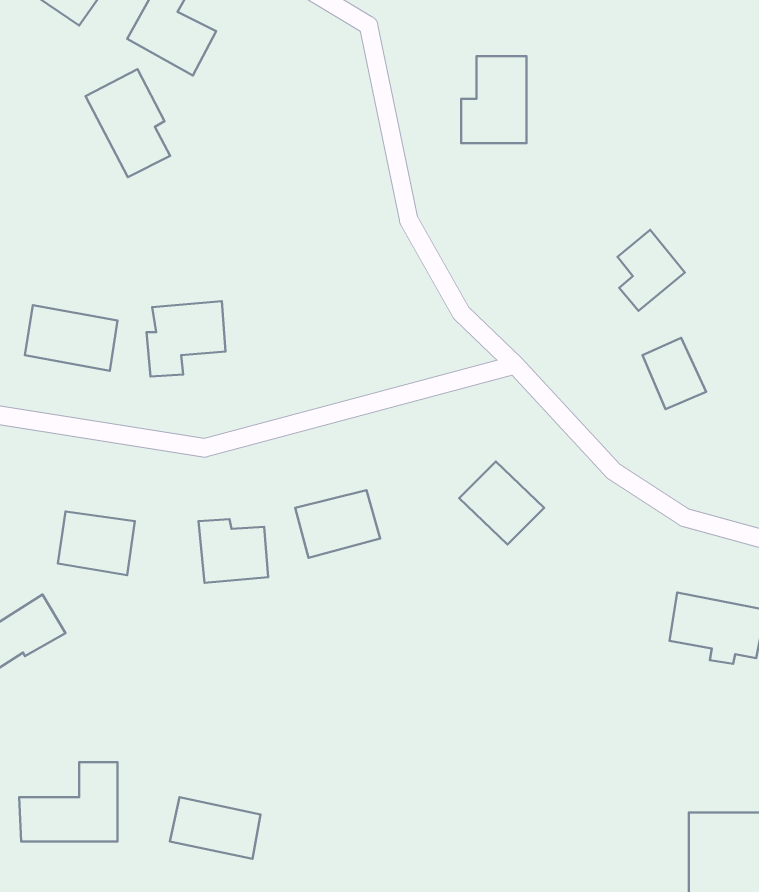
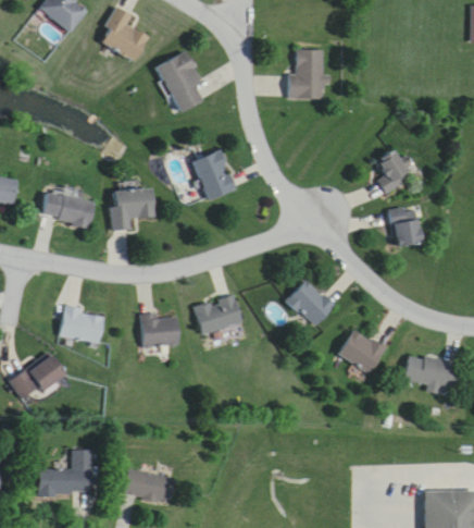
building: [85,69,170,177] -> [157,51,204,112]
building: none -> [195,151,234,199]
building: none -> [338,329,386,374]

